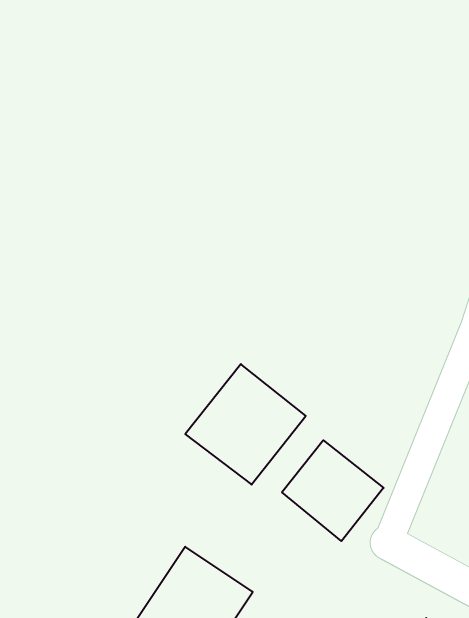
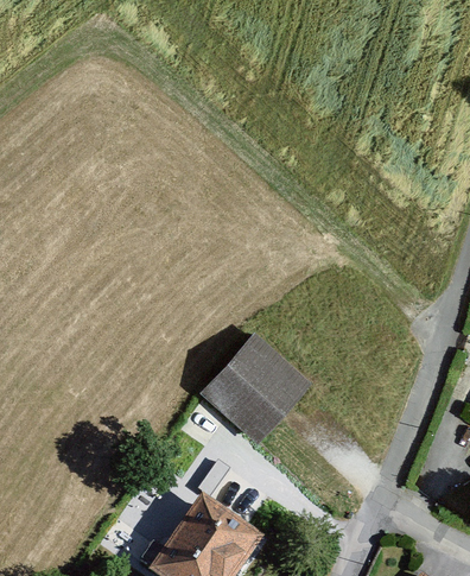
building: [282,440,384,541] -> none

